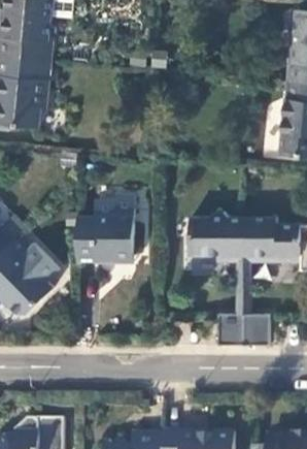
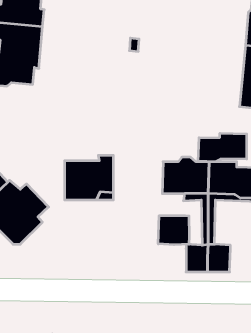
building: none -> [198,133,247,162]
building: none -> [158,216,189,245]

